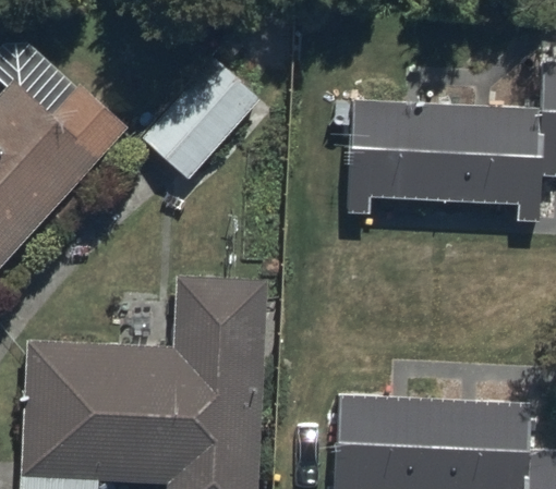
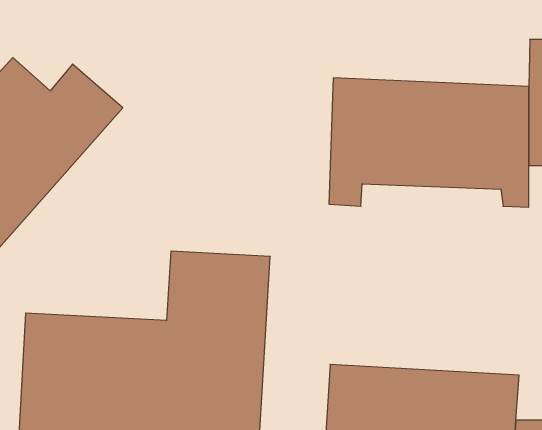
building: [142,58,258,178] -> none

